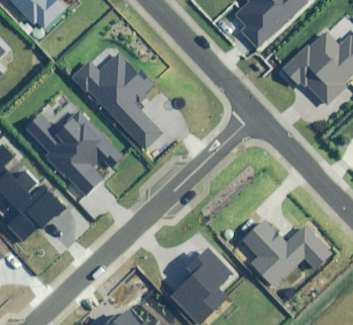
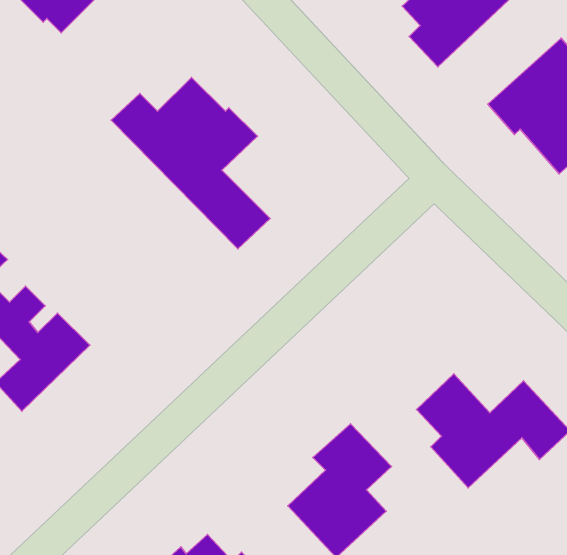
building: [25,111,122,193] -> none

